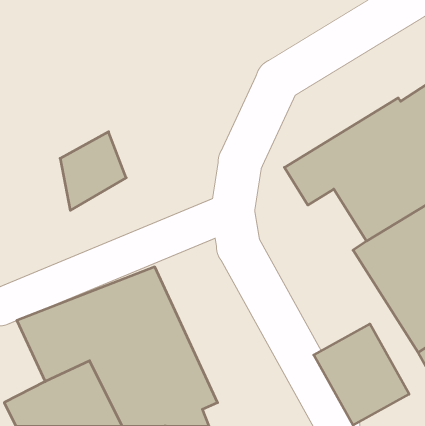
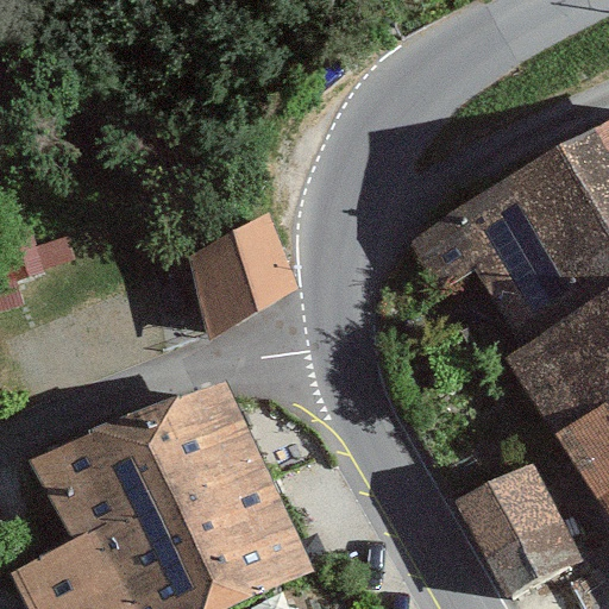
building: [60,132,126,210] -> [202,221,296,333]

